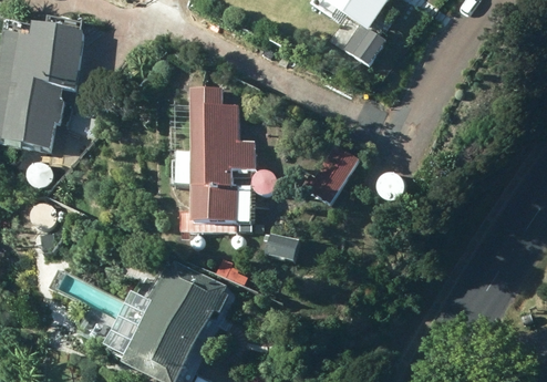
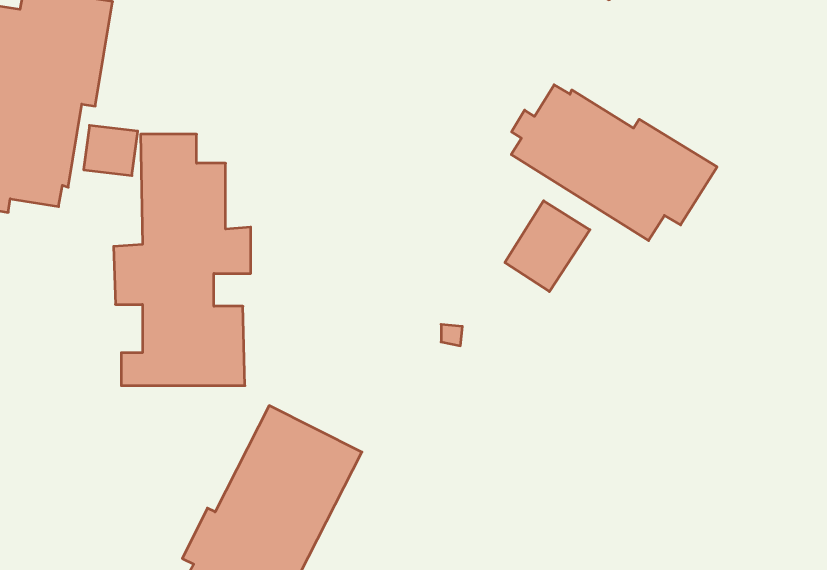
building: none -> [511,85,717,241]
building: [175,89,254,233] -> [114,134,251,386]

